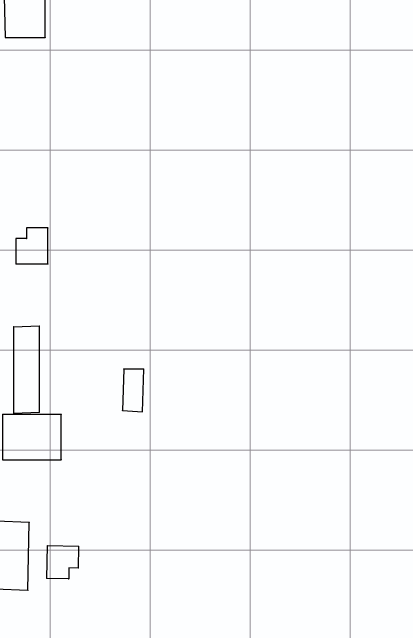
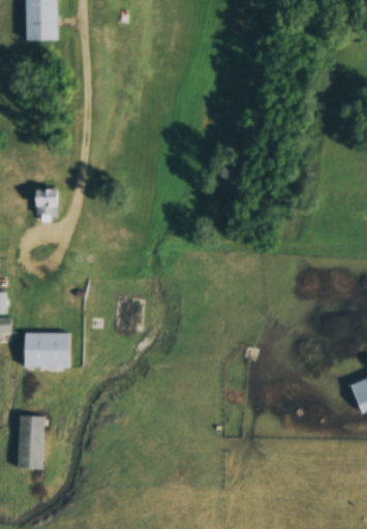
building: [14,326,39,413] -> none
building: [47,546,79,579] -> none

